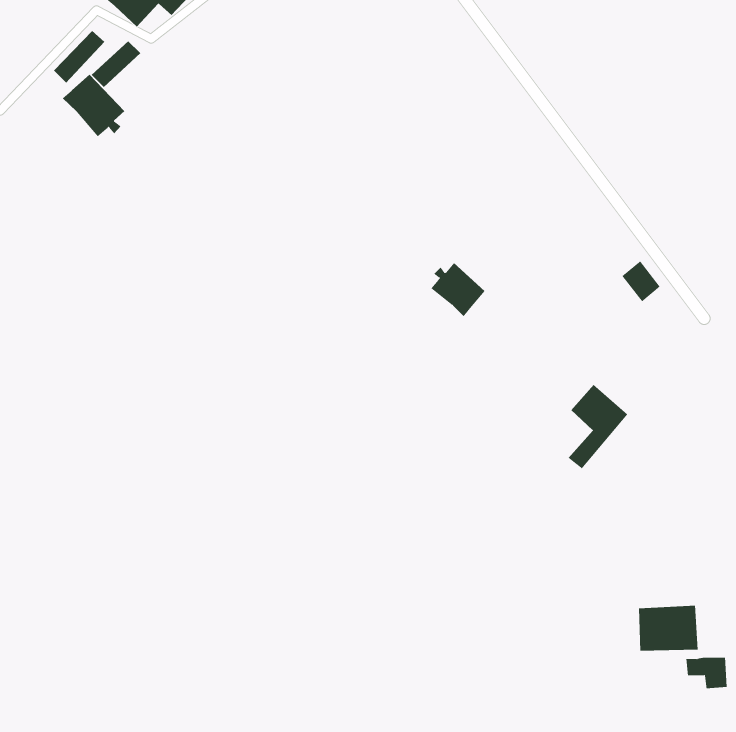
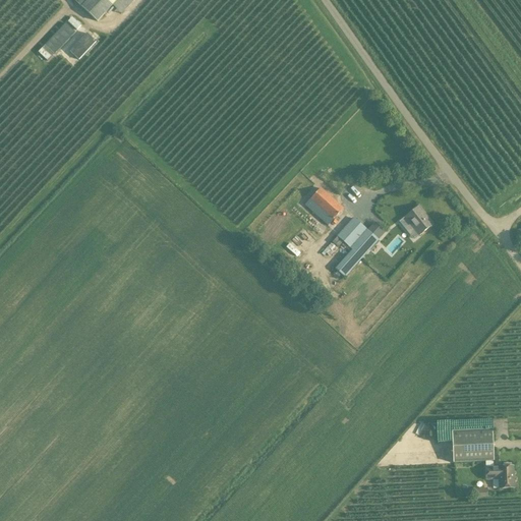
building: [62,74,125,137] -> none
building: [622,260,661,302] -> [405,204,432,233]
building: [568,384,628,469] -> [335,216,378,276]

